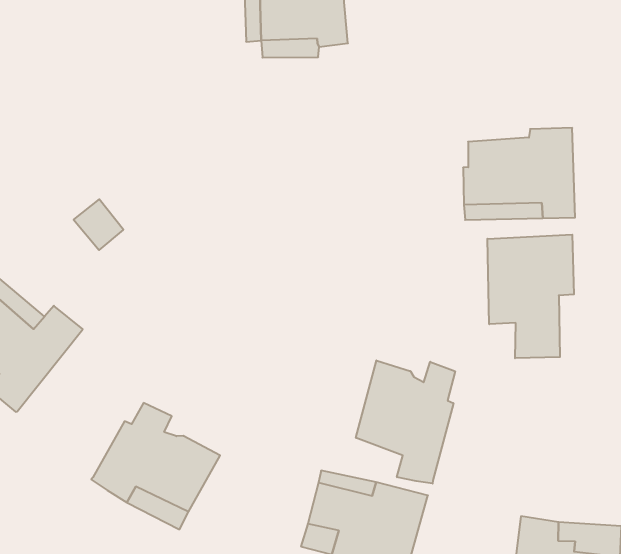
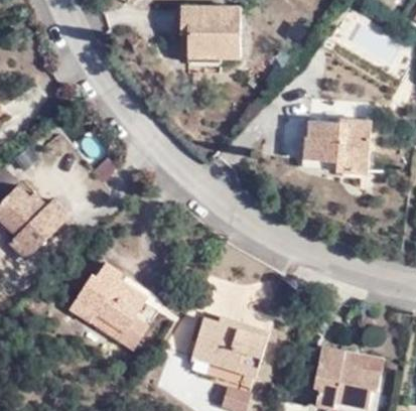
building: [487,235,574,358] -> none
building: [356,360,455,484] -> none

